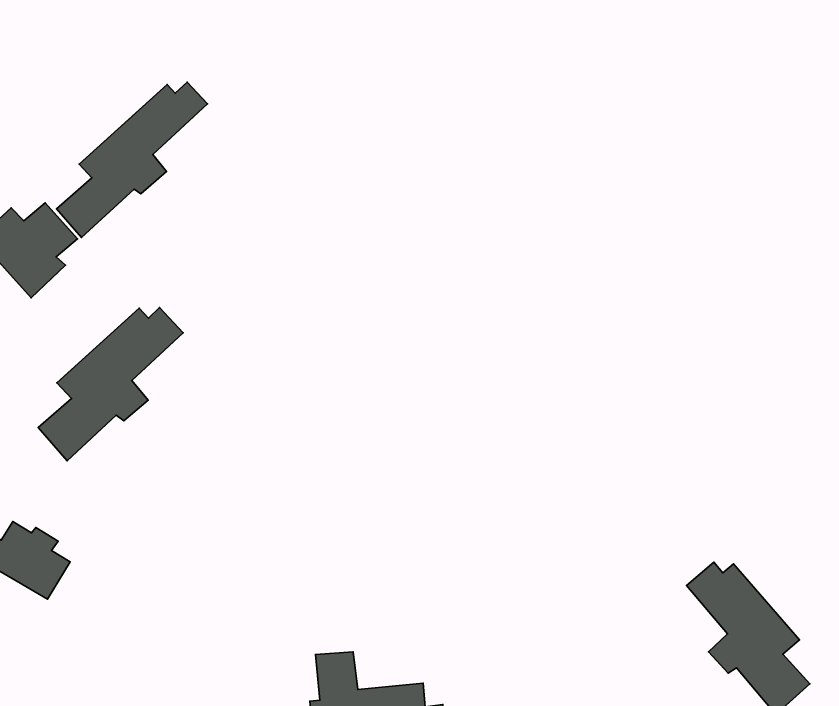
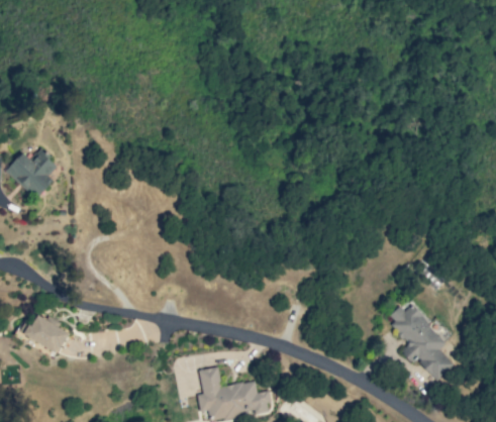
building: [57,82,208,238] -> none
building: [38,308,183,461] -> none

